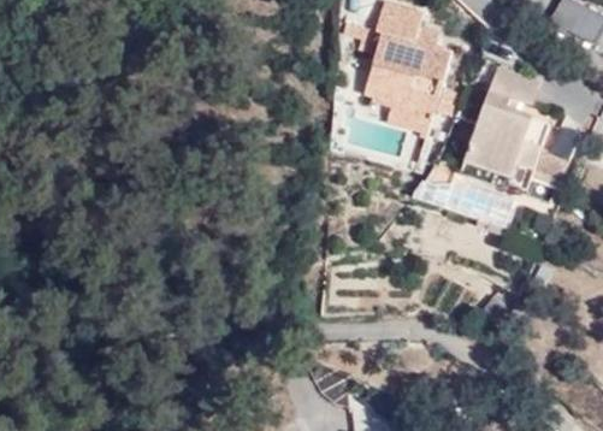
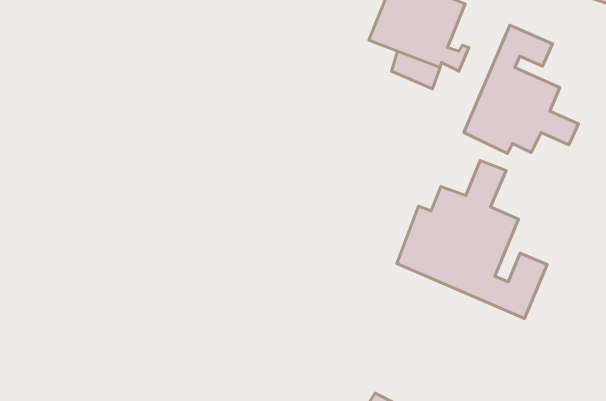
building: none -> [397,160,547,318]

